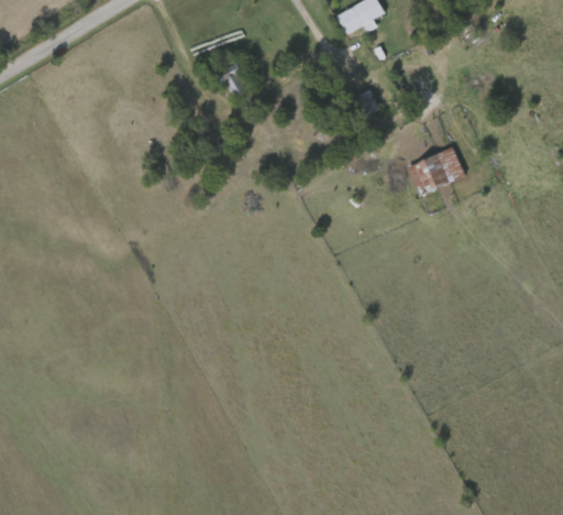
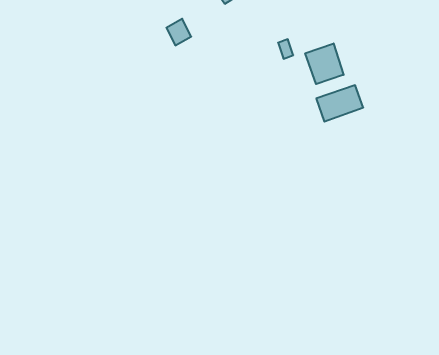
building: none -> [305,43,344,84]

